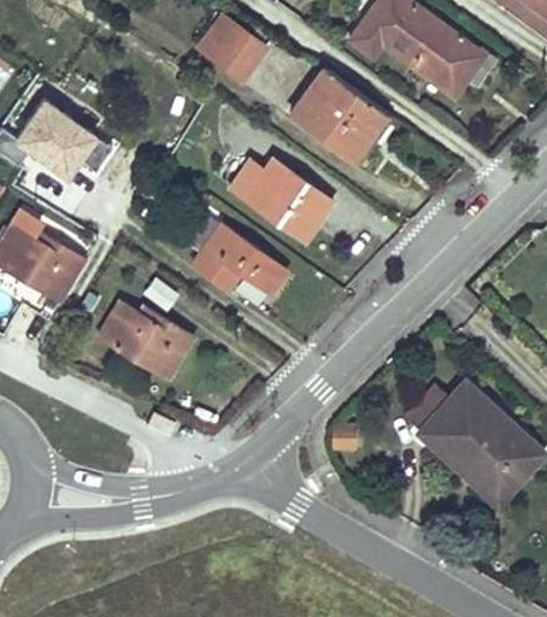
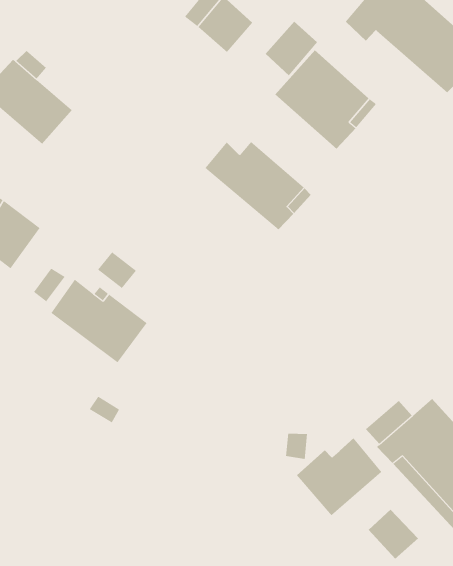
building: none -> [265,21,318,76]
building: [187,217,284,292] -> none
building: none -> [296,437,382,516]
building: none -> [368,509,419,559]

